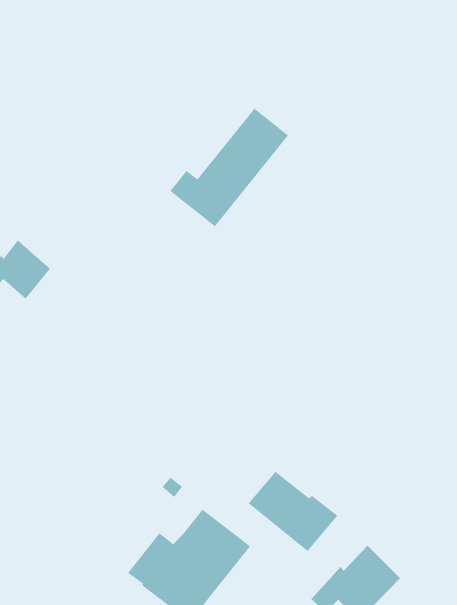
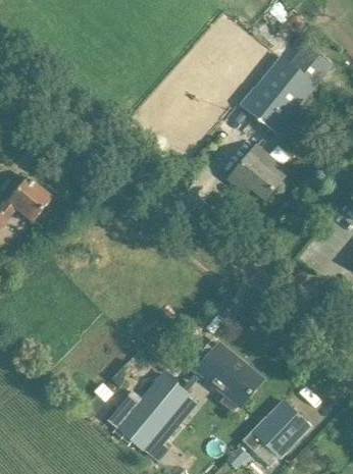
building: [169,108,289,227] -> [243,46,331,134]
building: none -> [234,146,289,201]

